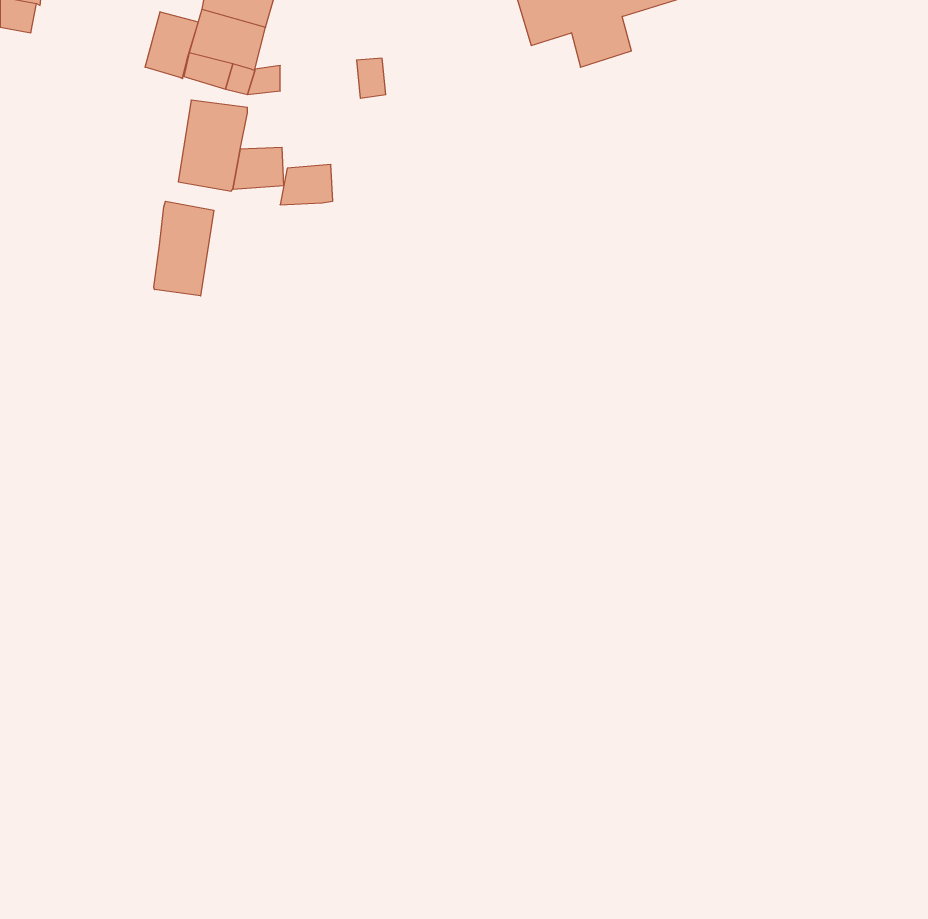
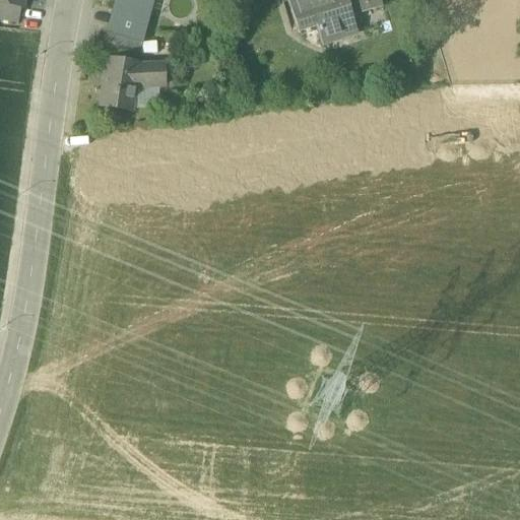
building: [145,12,198,79] -> none
building: [280,165,333,205] -> [135,61,165,83]
building: [154,201,214,296] -> none

